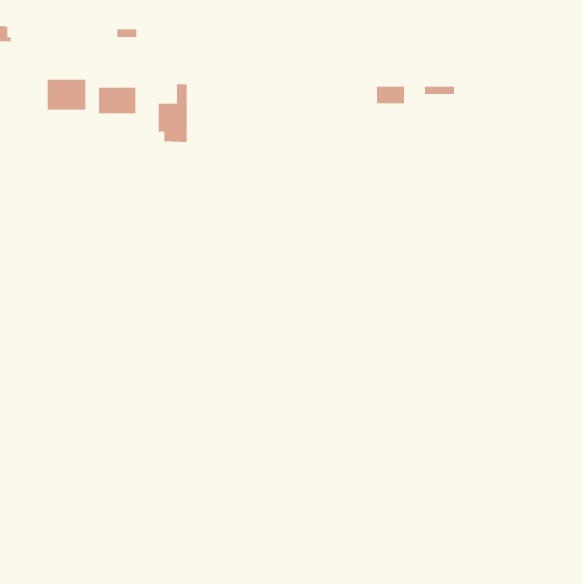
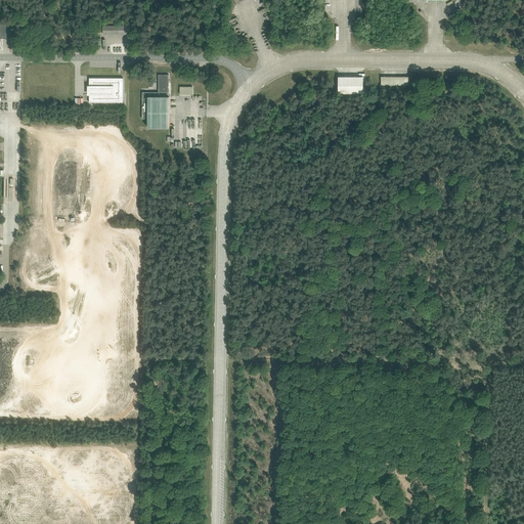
building: [47,79,86,111] -> none

